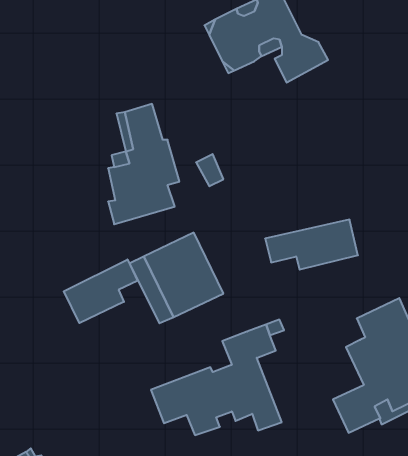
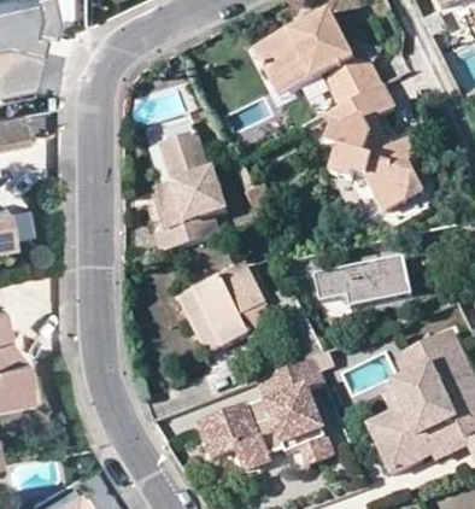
building: none -> [327,90,424,217]
building: [64,259,138,323] -> none
building: none -> [366,381,416,473]

